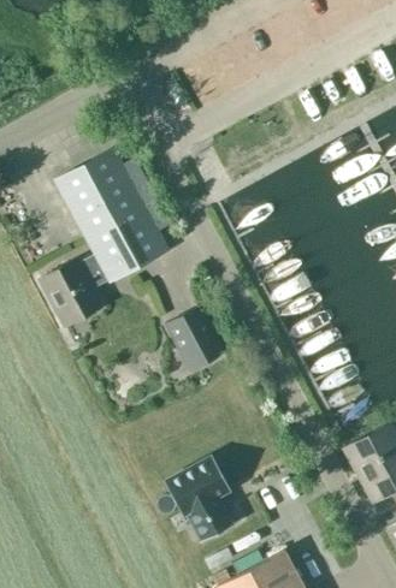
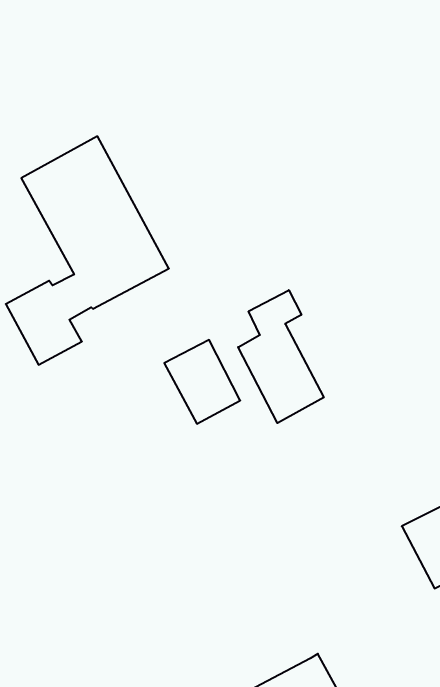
building: none -> [238,290,324,423]
building: [167,459,230,539] -> none

